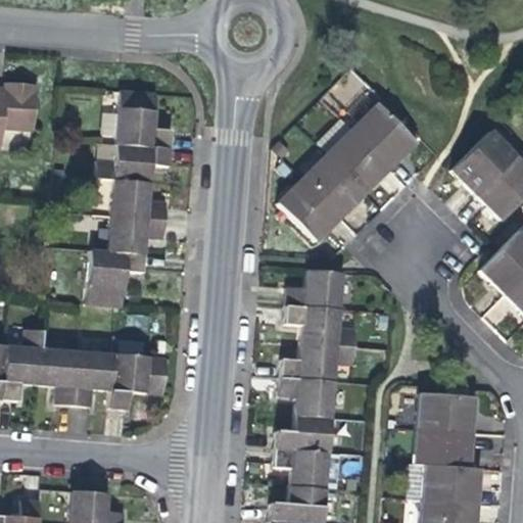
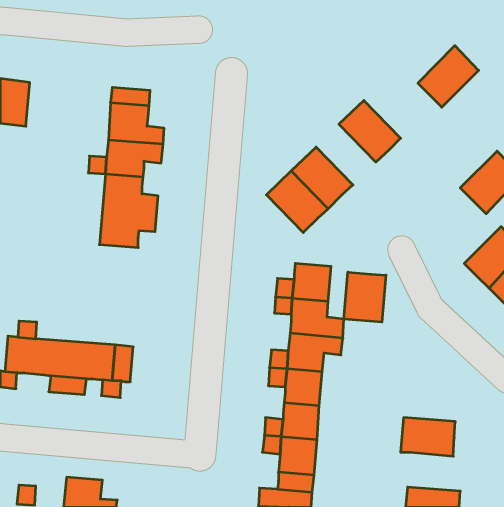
building: [329,128,390,190] -> none
building: [453,130,515,193] -> [418,46,479,107]
building: [86,250,146,307] -> none
building: none -> [344,272,386,322]
building: [138,356,167,394] -> none
building: [419,394,475,433] -> none
building: [423,465,480,505] -> none

